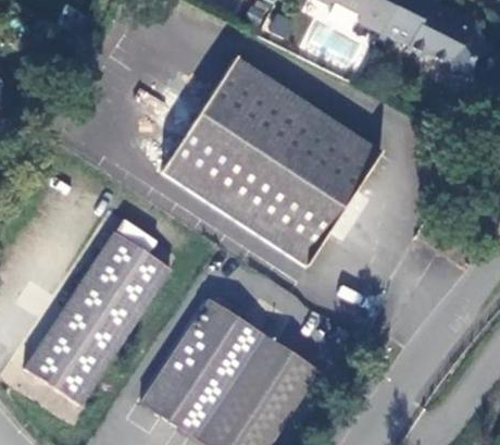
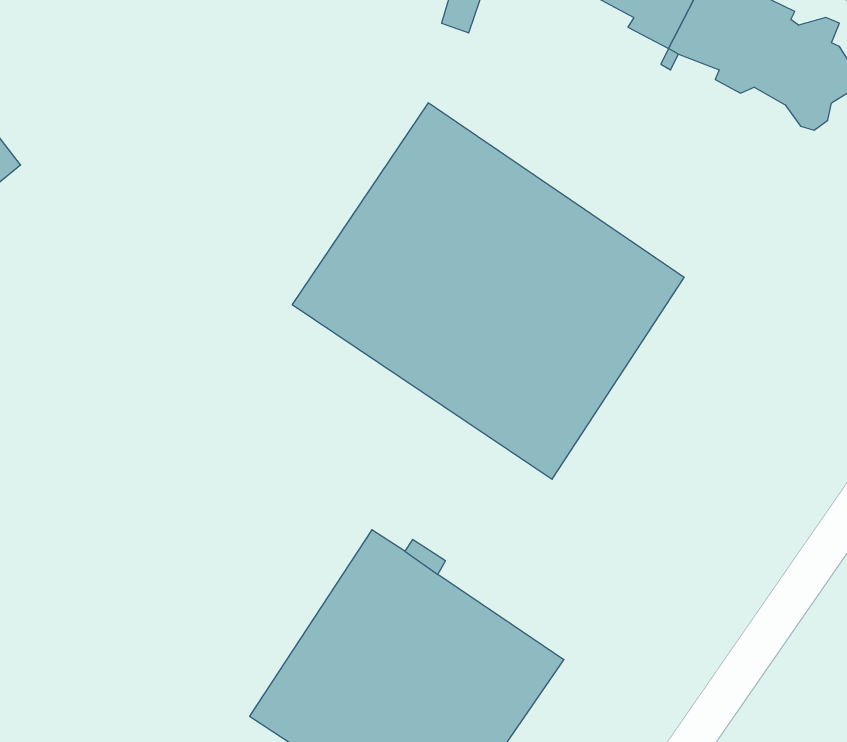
building: [23,232,170,405] -> none

